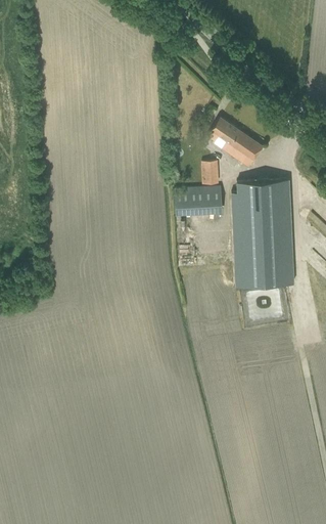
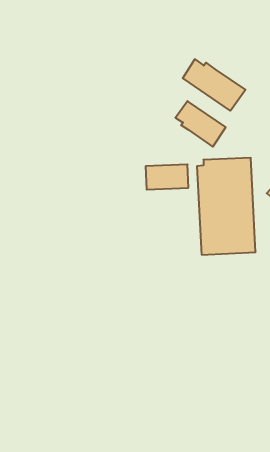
building: none -> [183,59,245,111]
building: [201,161,219,184] -> none

